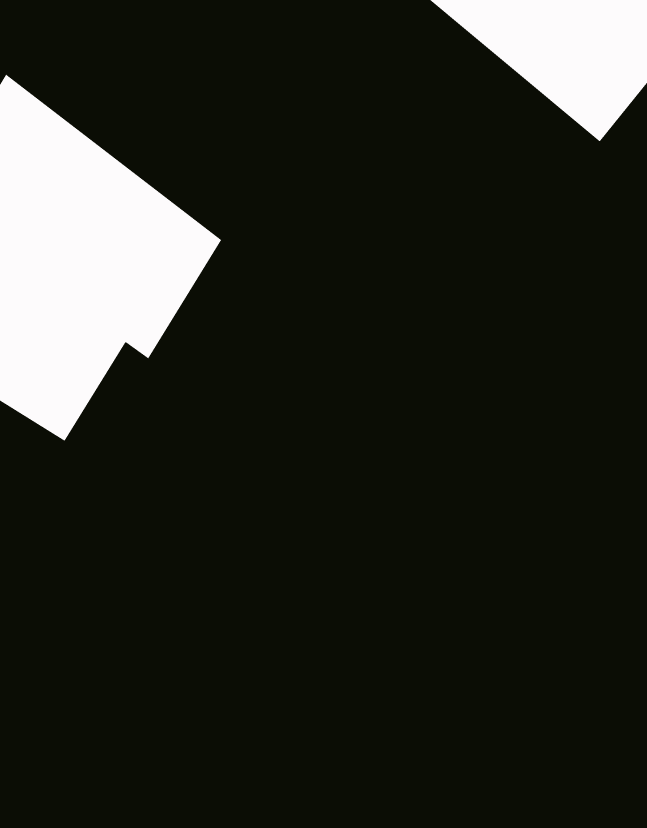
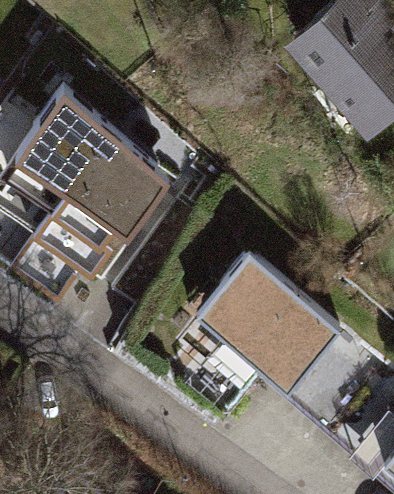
building: none -> [203,258,341,390]

